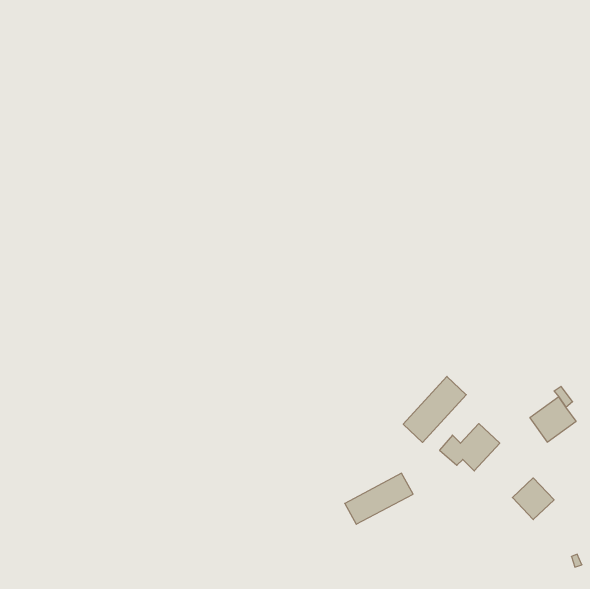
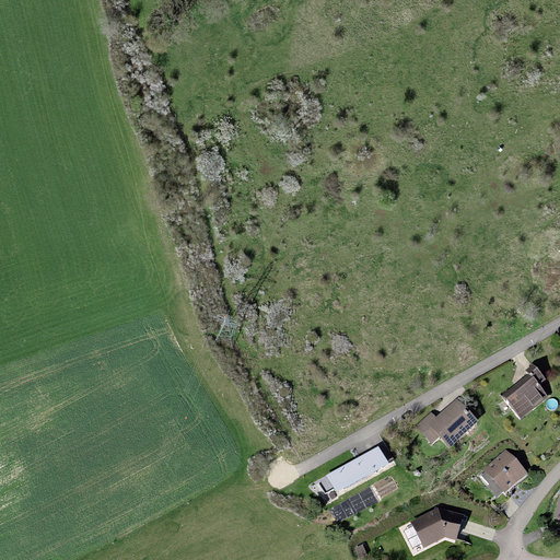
building: [403,376,466,442] -> none
building: none -> [410,509,460,546]

